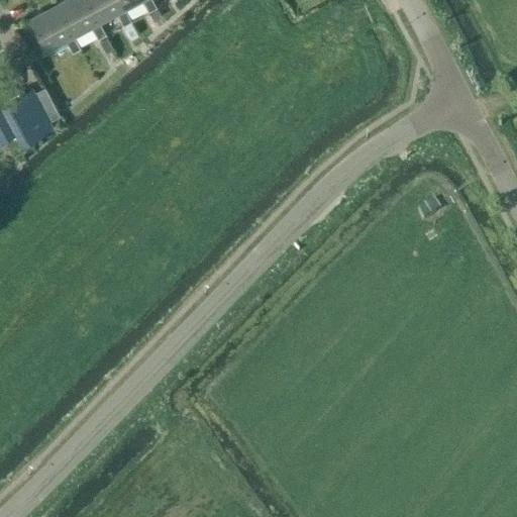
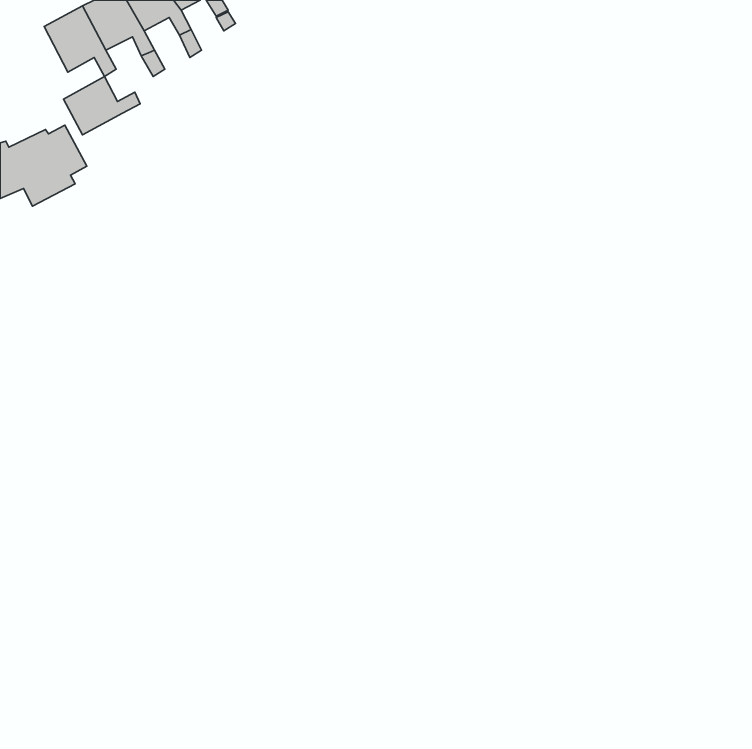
building: none -> [64,77,140,135]

